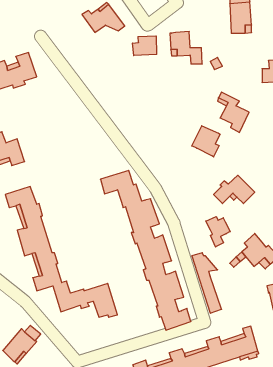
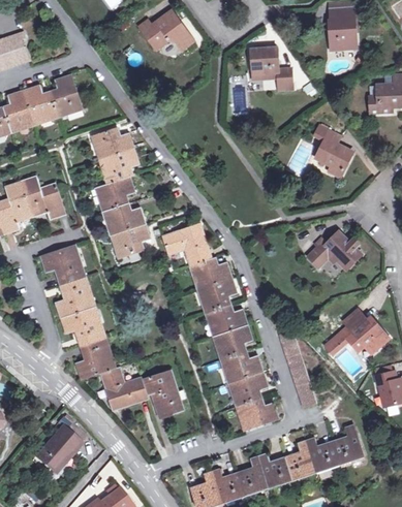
building: [133,36,157,56] -> none
building: none -> [91,129,150,259]
building: [192,126,220,157] -> none
building: [206,217,230,247] -> none

